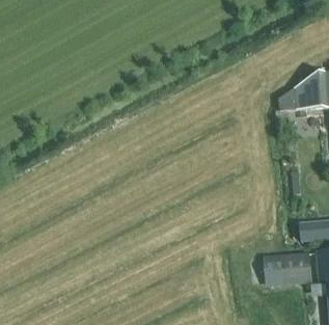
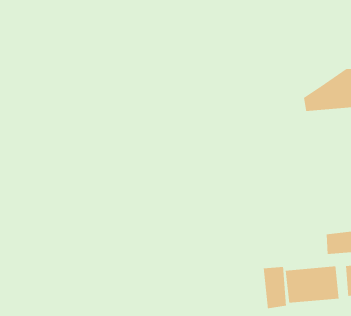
building: none -> [263,266,287,309]

